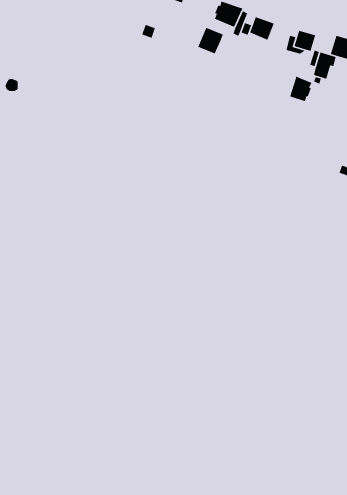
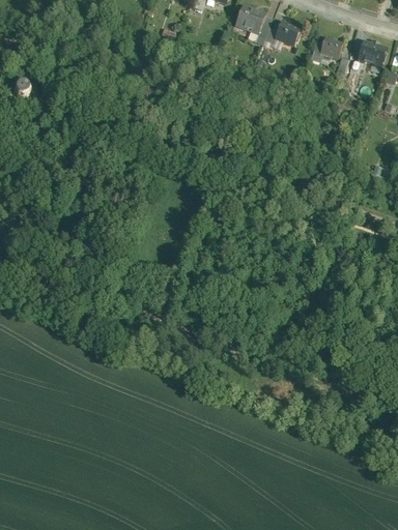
building: [197,27,224,55] -> none
building: [289,76,312,102] -> none

